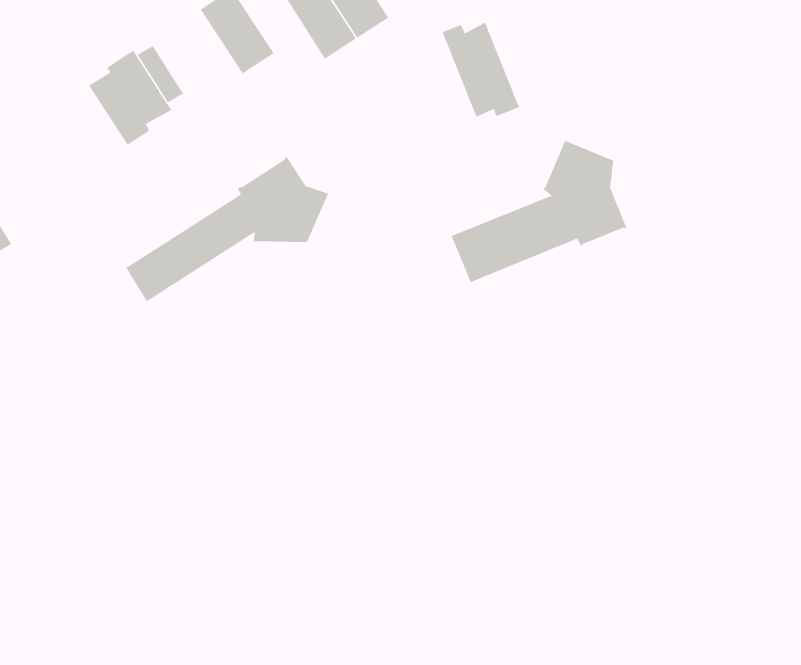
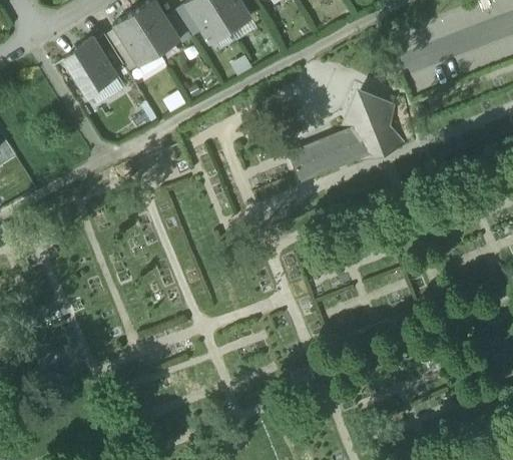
building: none -> [114,14,160,67]
building: [442,22,520,118] -> none
building: [125,156,329,302] -> none

